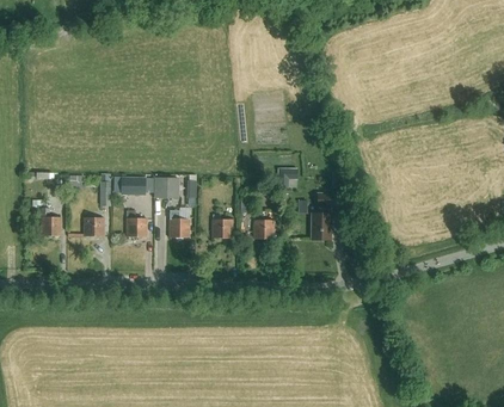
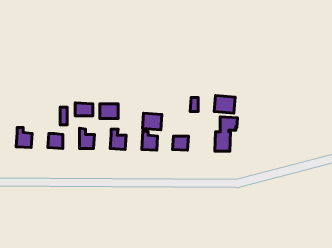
building: none -> [214,95,235,113]
building: none -> [143,113,162,130]

